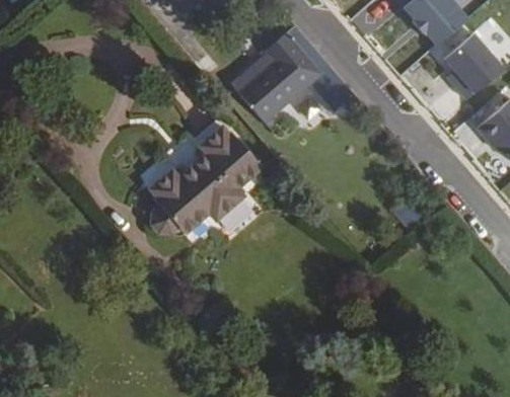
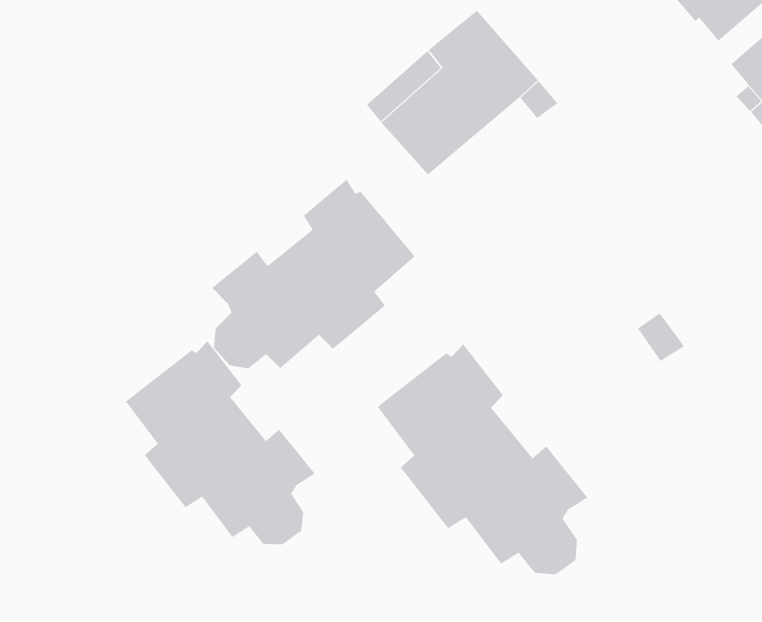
building: none -> [125,341,316,545]
building: none -> [377,343,588,575]

